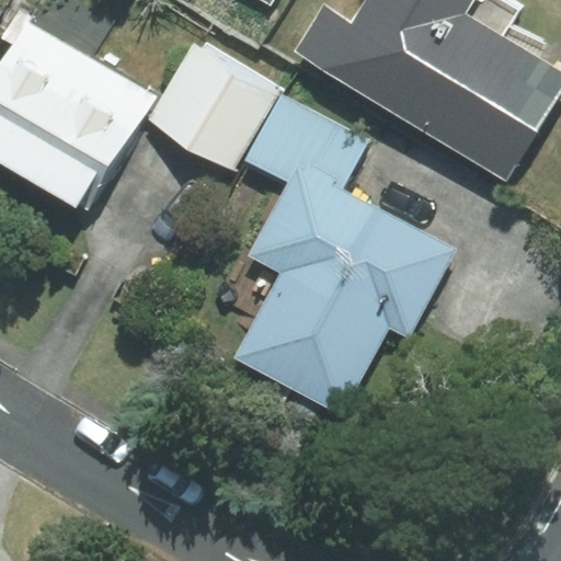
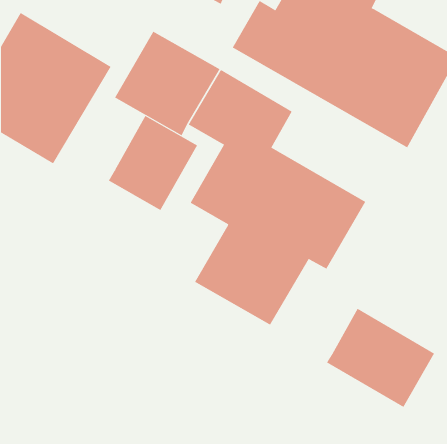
building: none -> [108,115,198,211]
building: none -> [326,308,435,408]

